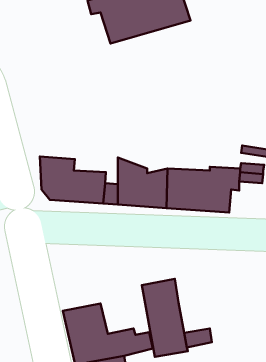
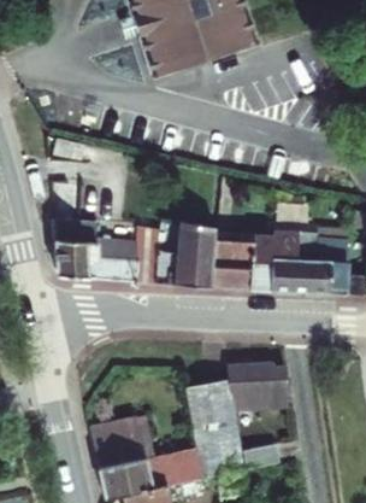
building: none -> [303,263,347,296]
building: none -> [231,363,293,411]

